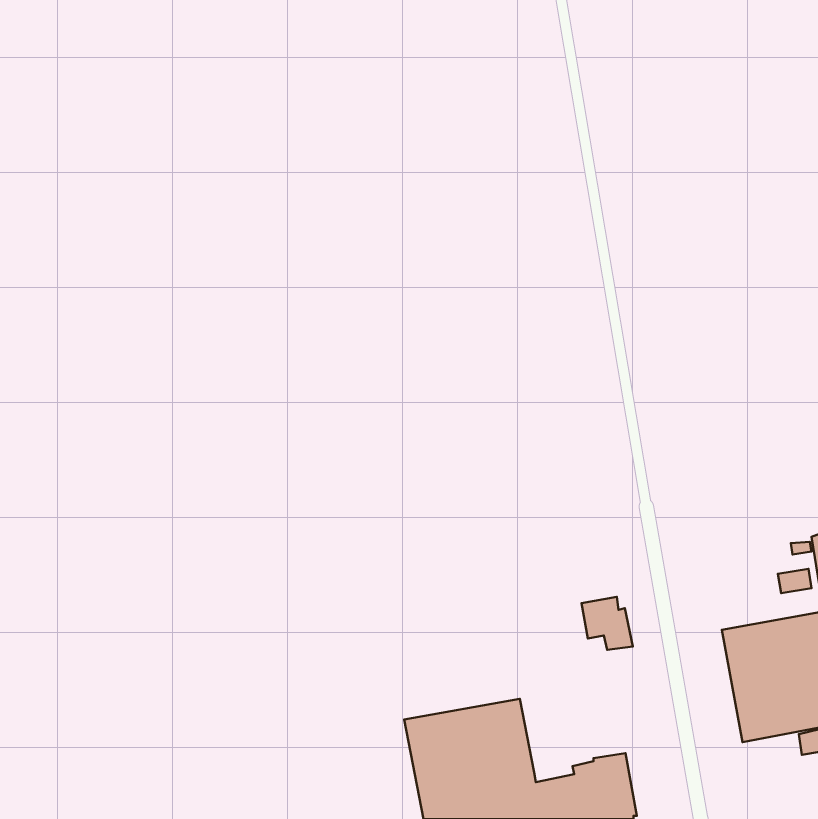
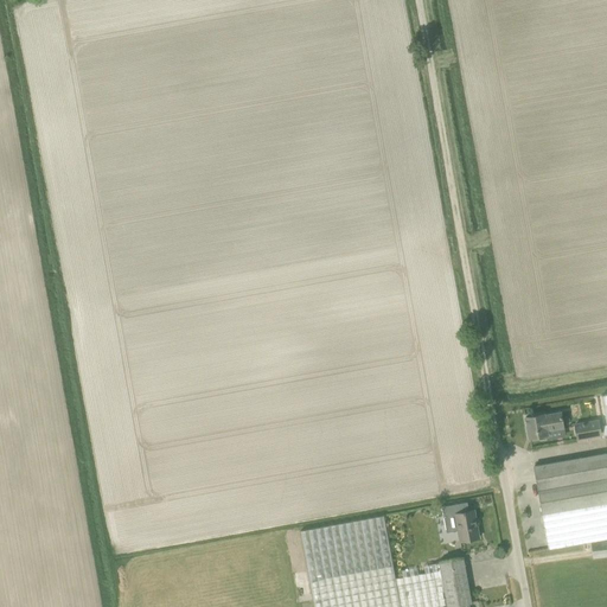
building: none -> [526,413,564,437]
building: [581,597,633,650] -> [442,501,480,541]

